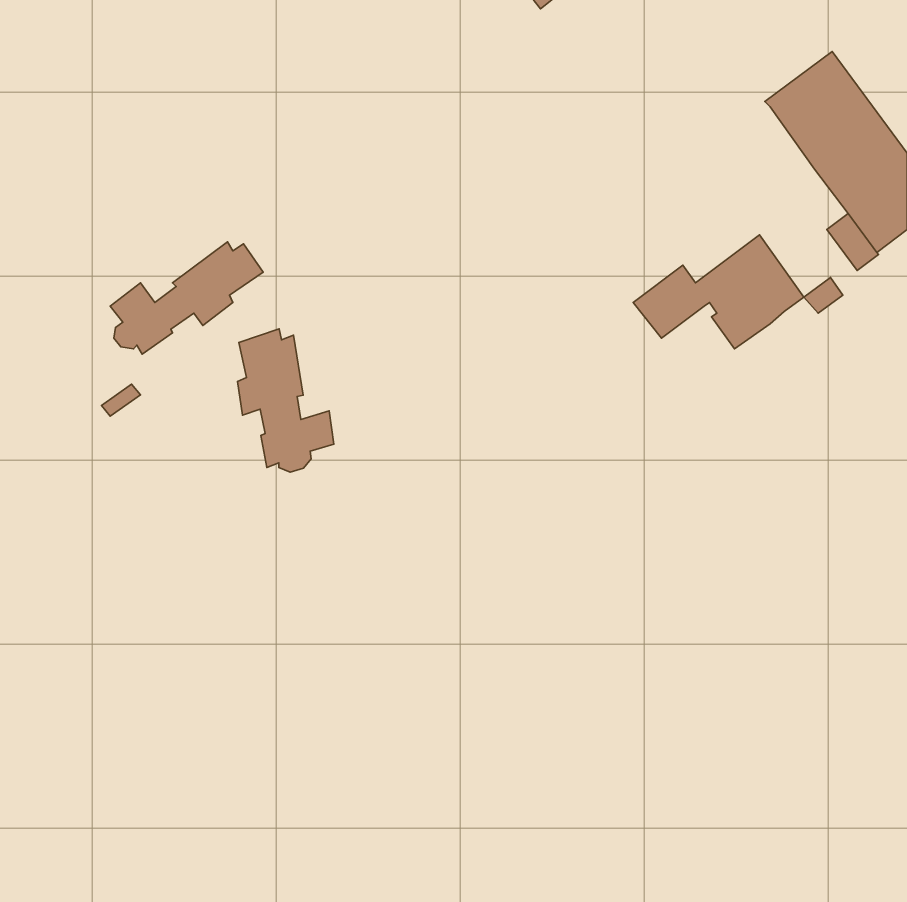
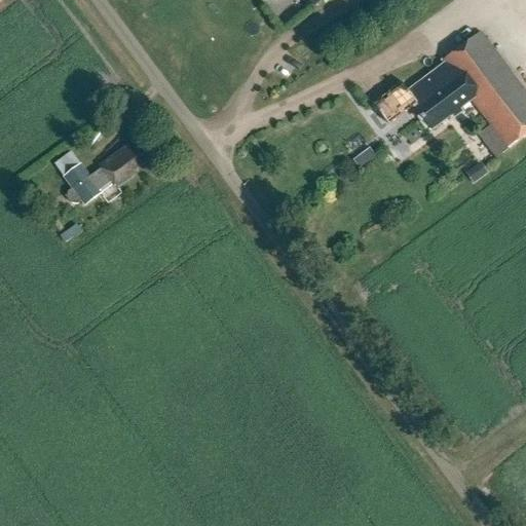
building: [633,235,804,349] -> [372,62,471,127]
building: [238,329,334,472] -> none

